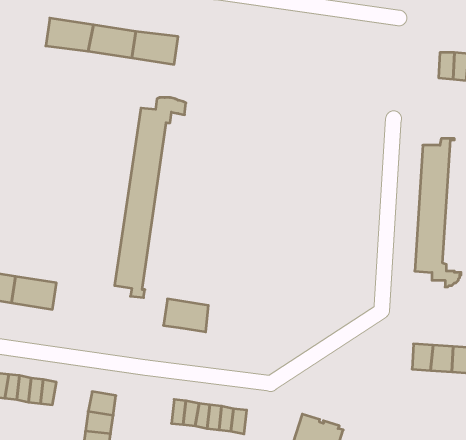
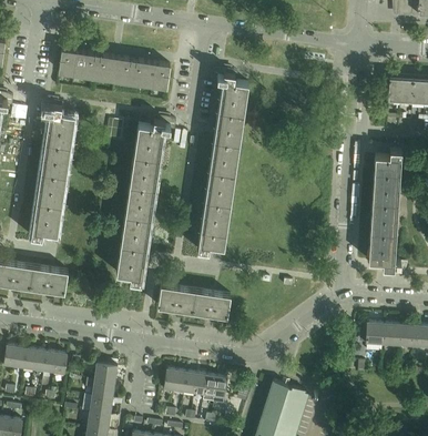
building: none -> [197,69,248,253]
building: none -> [31,100,75,240]
building: none -> [193,291,231,317]

